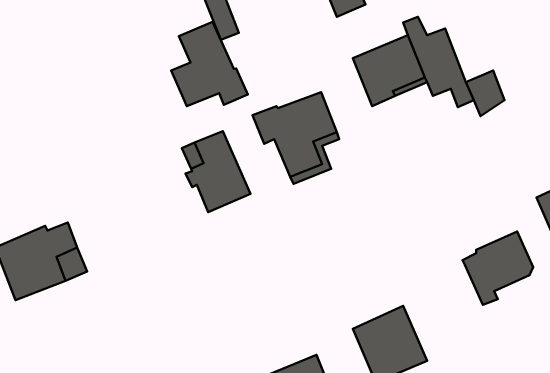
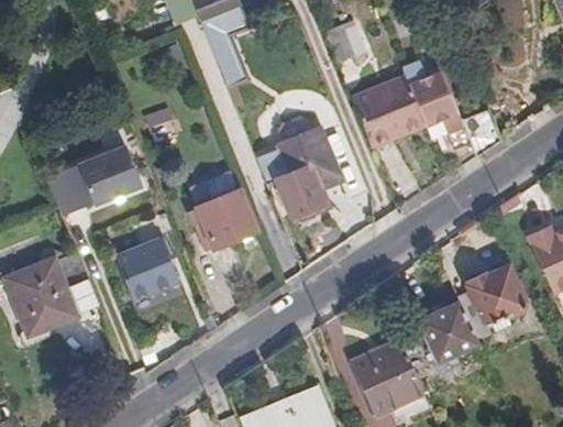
building: [171,22,248,106] -> none
building: none -> [44,143,142,214]
building: none -> [112,237,179,300]
building: none -> [417,299,479,362]

